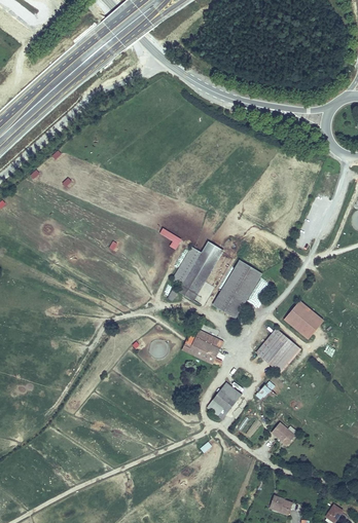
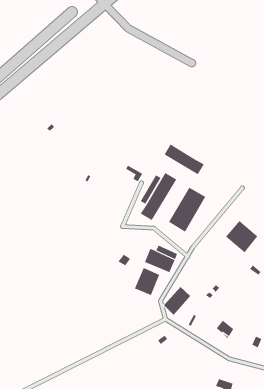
building: none -> [164,144,205,175]
building: [259,330,297,368] -> none
building: none -> [134,267,160,296]

